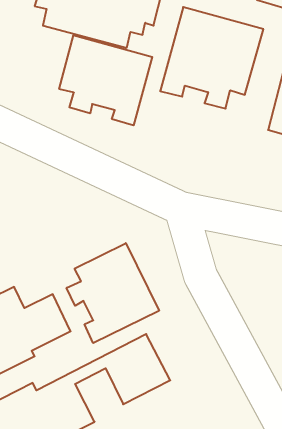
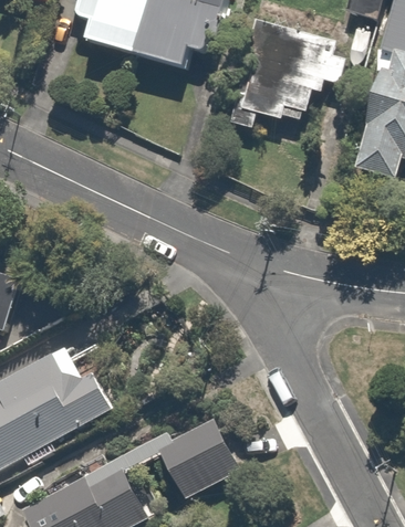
building: [59,35,152,125] -> none
building: [67,243,159,343] -> none

